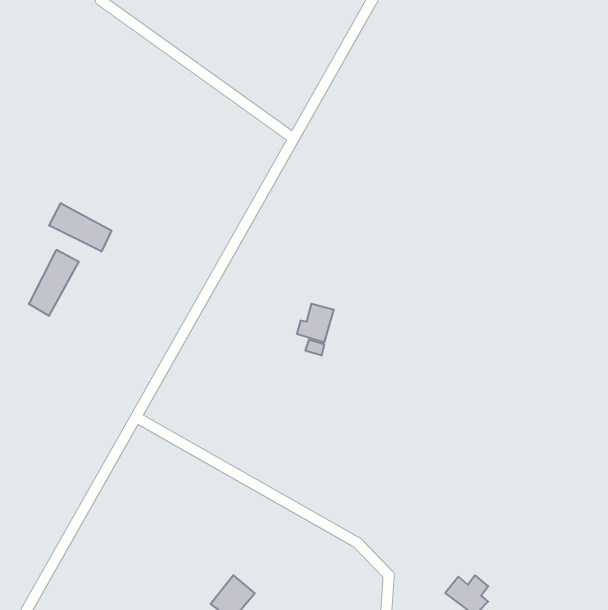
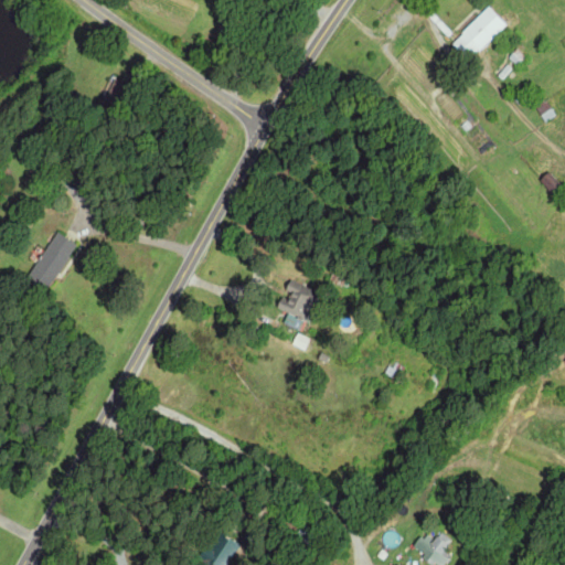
building: none -> [452,8,507,61]
building: [49,203,111,252] -> none

